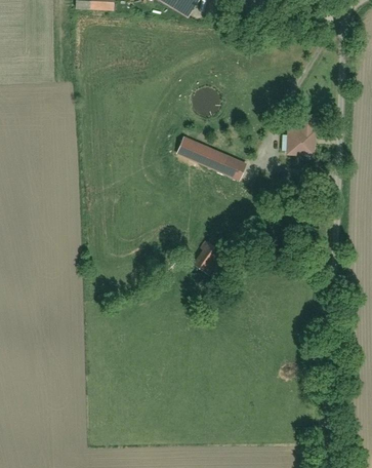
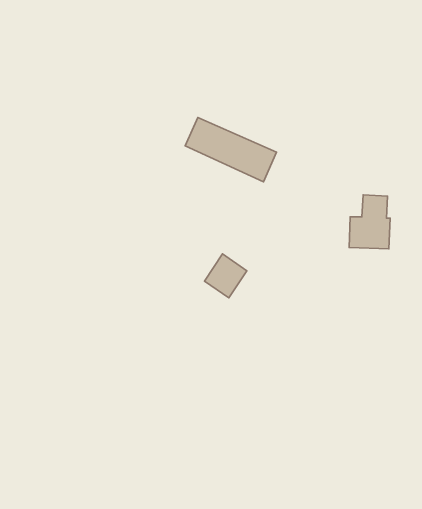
building: [285,115,318,158] -> [349,195,390,249]

